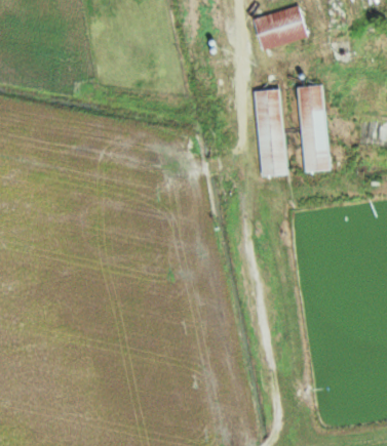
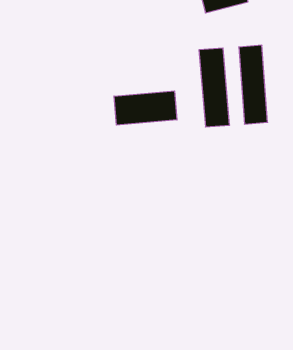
building: none -> [114,91,177,125]

